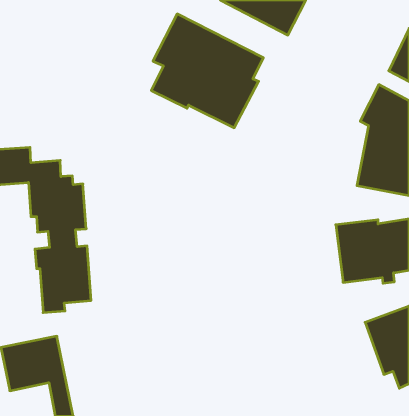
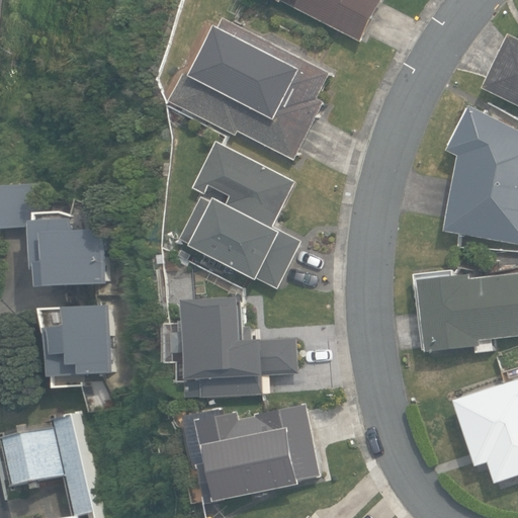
building: none -> [177,141,299,288]
building: none -> [160,297,297,398]
building: none -> [179,404,318,503]

